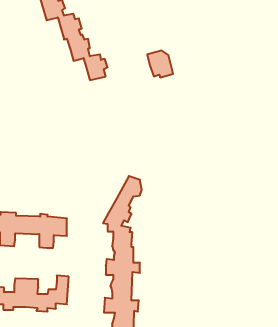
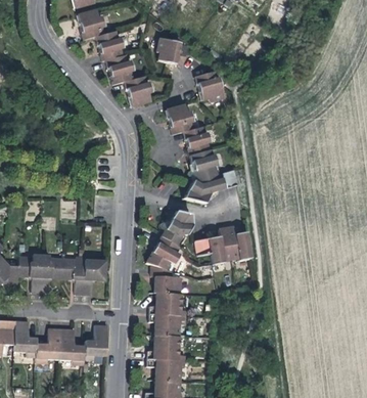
building: none -> [158,40,189,69]
building: none -> [168,106,239,211]
building: none -> [193,229,251,267]

